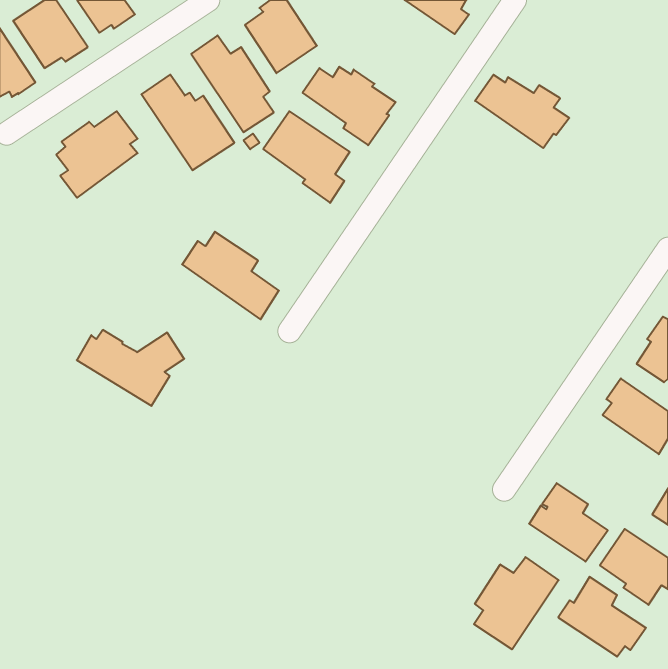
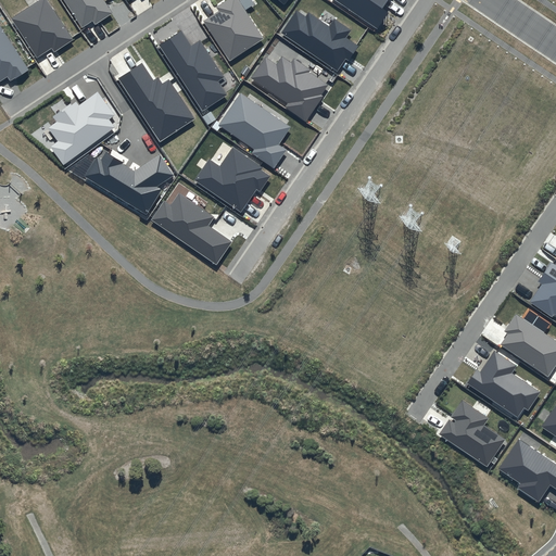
building: [475,75,569,148] -> [280,10,358,71]
building: none -> [194,147,269,211]
building: [77,330,184,406] -> [84,152,173,215]
building: [474,557,559,649] -> none
building: [558,577,646,657] -> [467,350,540,416]

